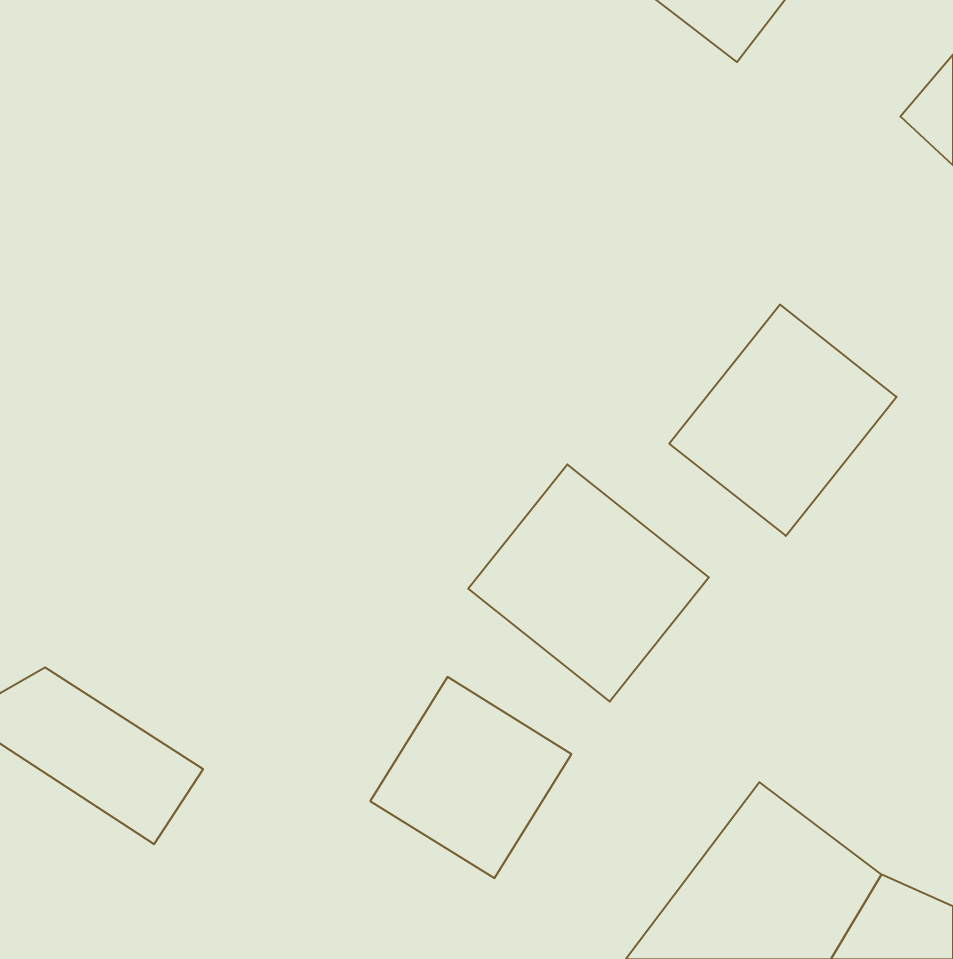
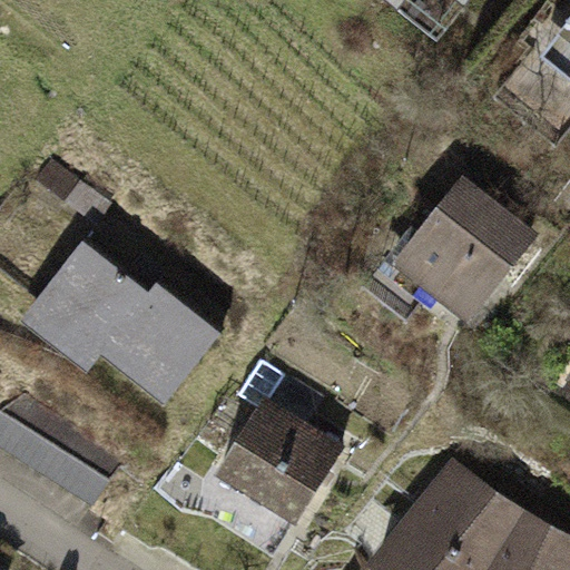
building: none -> [23,246,218,401]
building: [468,464,709,702] -> none

